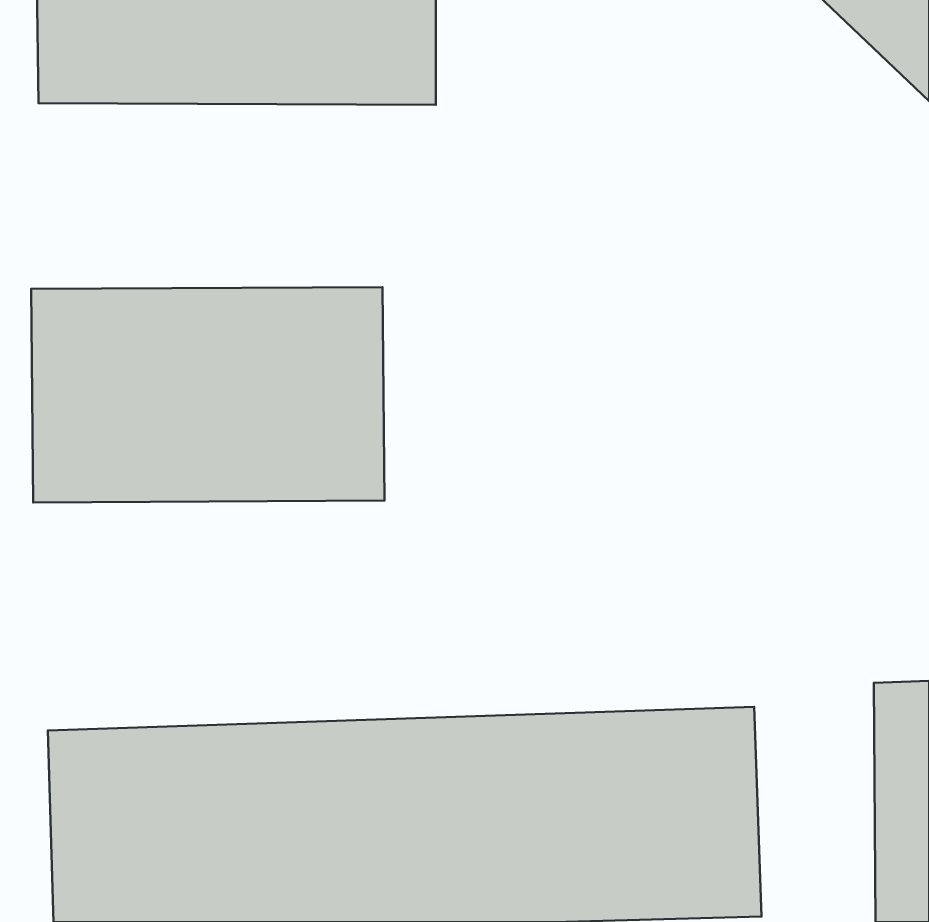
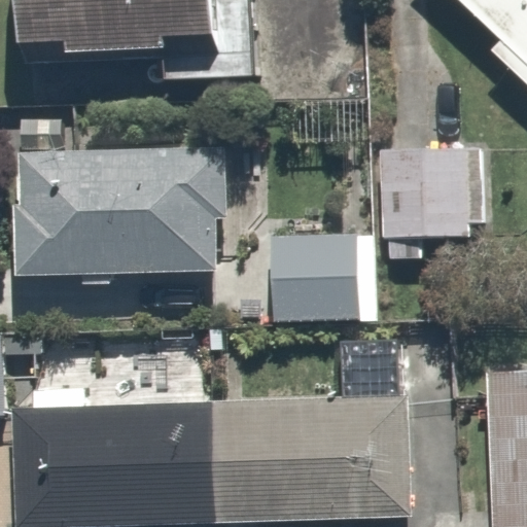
building: none -> [383,143,483,259]
building: none -> [266,232,361,316]

